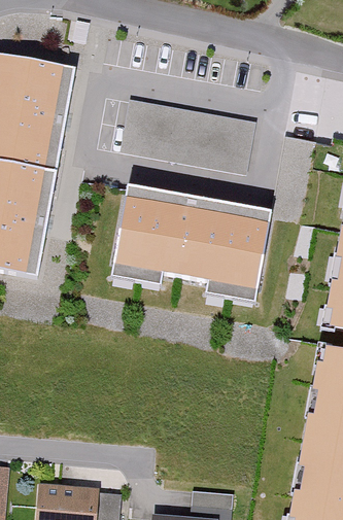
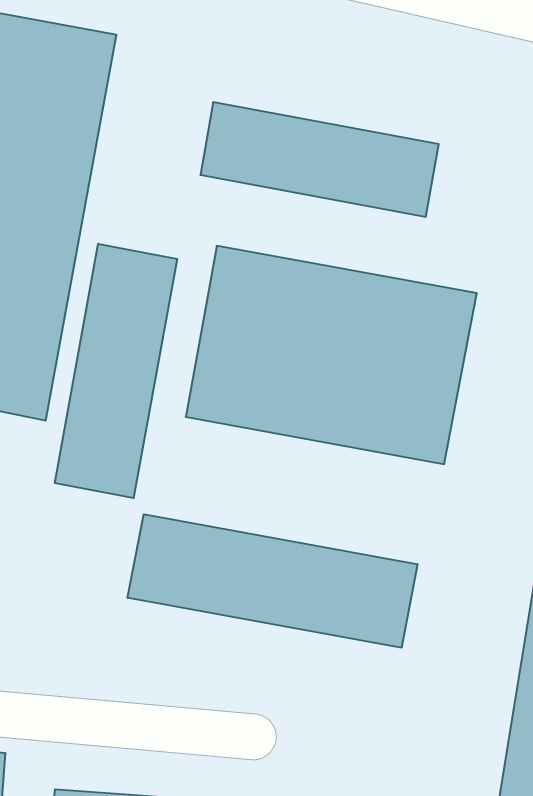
building: none -> [55,244,177,498]
building: none -> [128,514,418,648]

